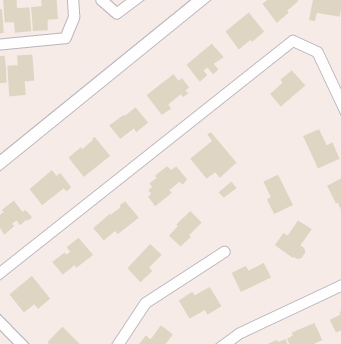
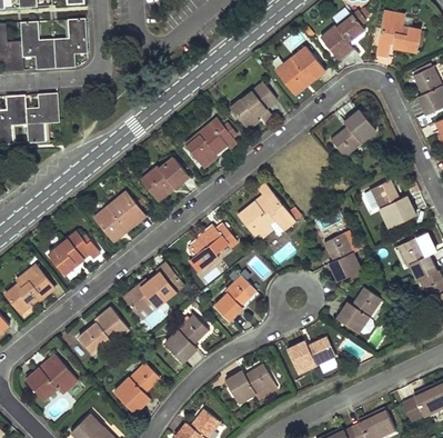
building: none -> [114,362,159,411]

